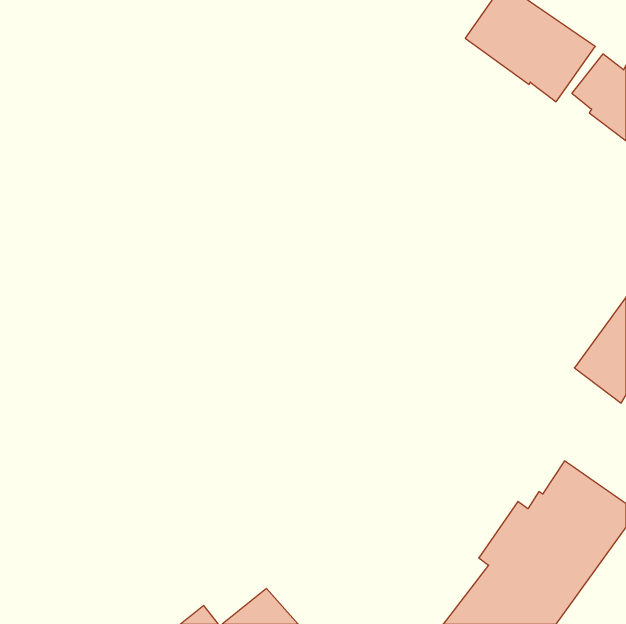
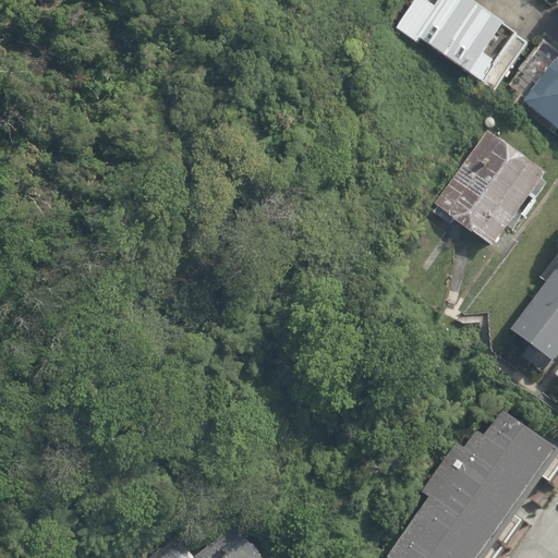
building: none -> [435,131,547,245]

